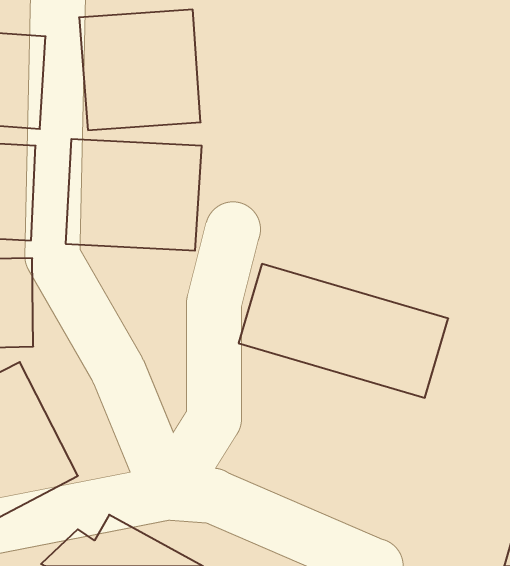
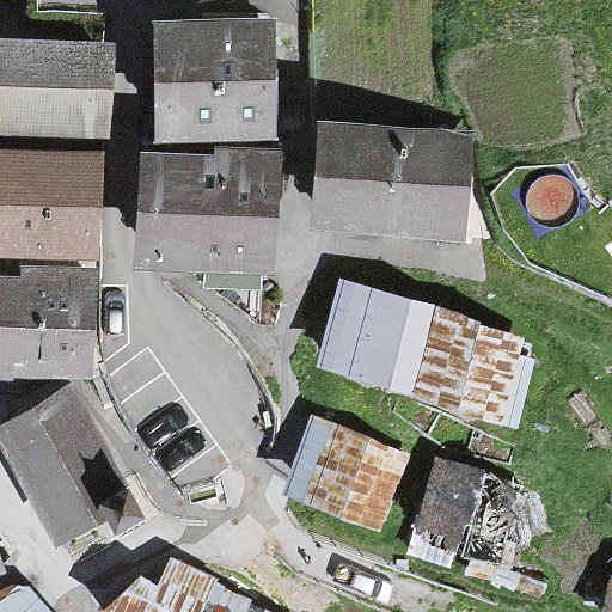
building: none -> [307,116,475,241]
building: none -> [288,422,405,534]
building: none -> [410,459,528,574]

